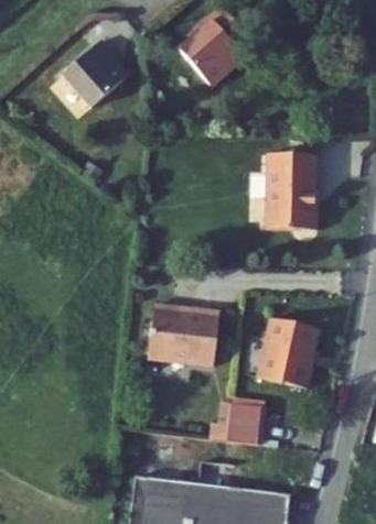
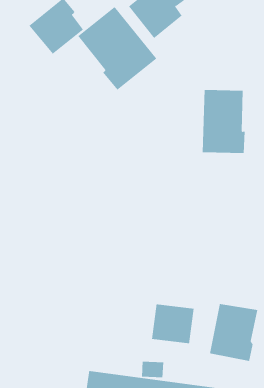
building: none -> [77,6,157,90]
building: [146,305,217,368] -> none
building: [259,320,318,390] -> [209,303,258,362]

